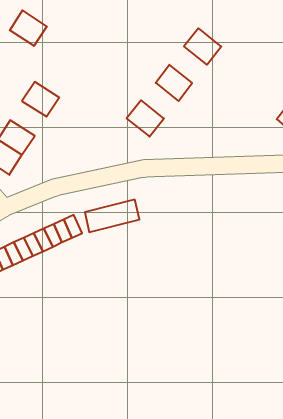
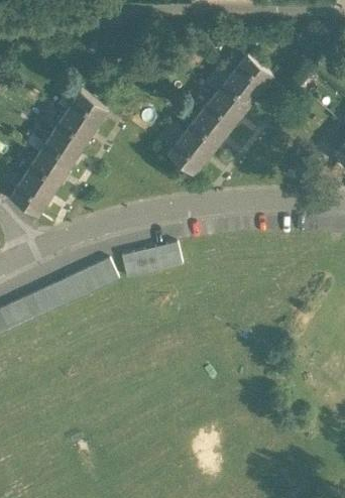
building: [10,10,47,46] -> [66,90,107,129]
building: none -> [215,73,256,113]
building: none -> [184,113,225,152]
building: none -> [38,133,79,171]

